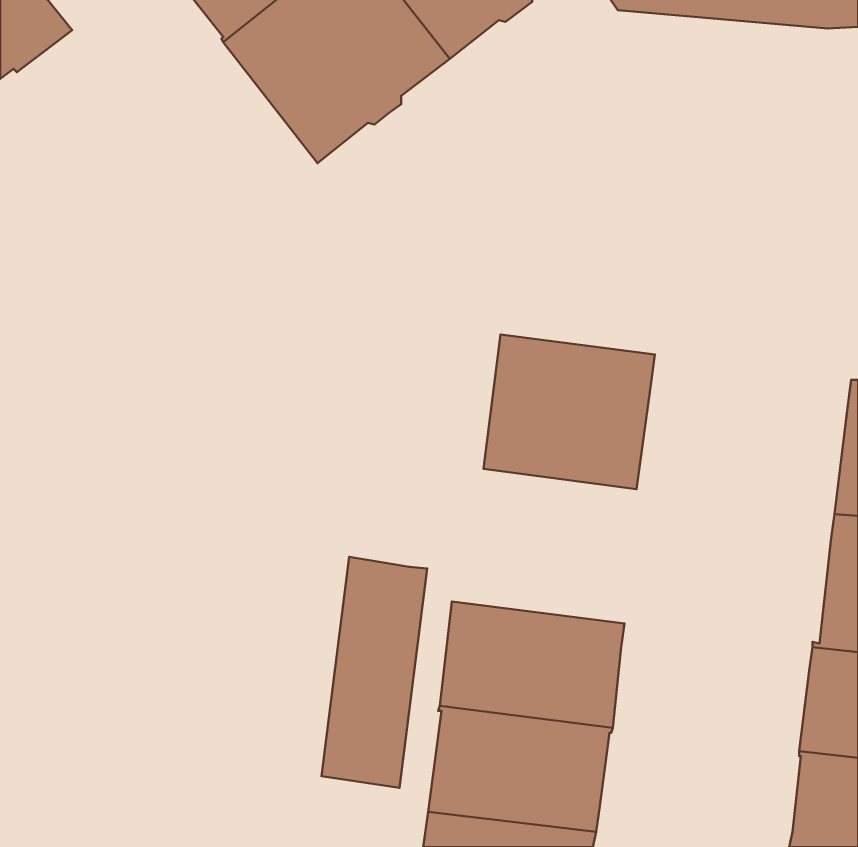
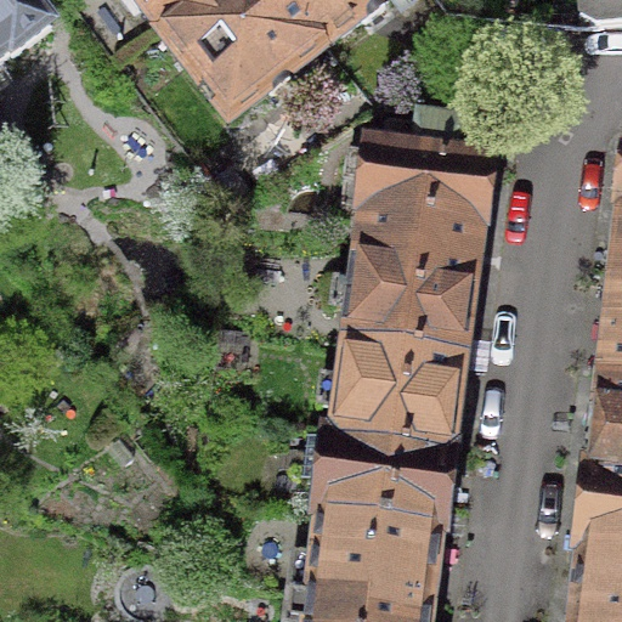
building: none -> [361,118,490,256]
building: none -> [327,339,460,451]
building: [321,557,427,788] -> none

